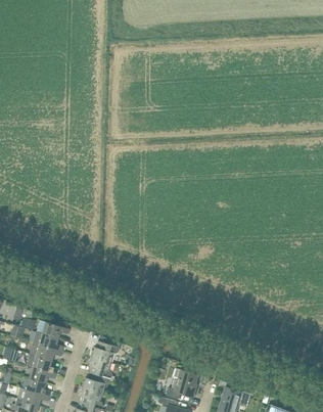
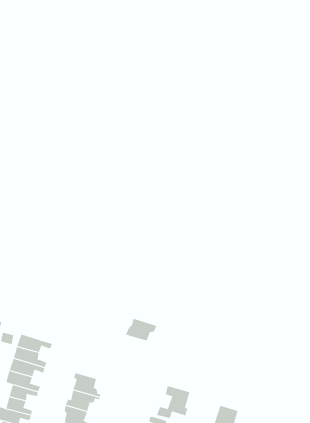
building: [90,341,120,363] -> [125,318,157,341]

